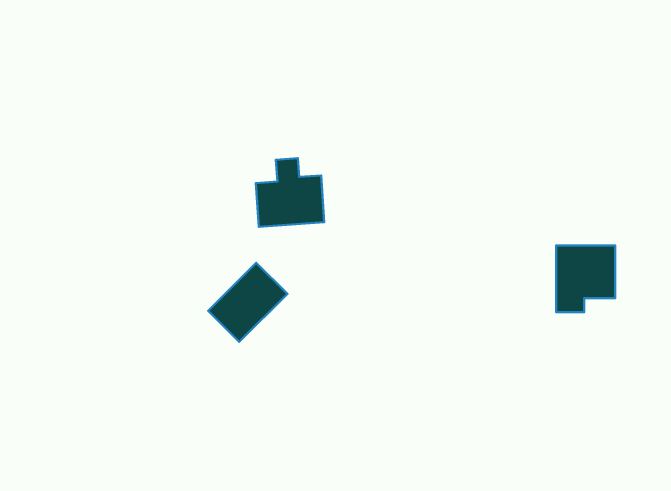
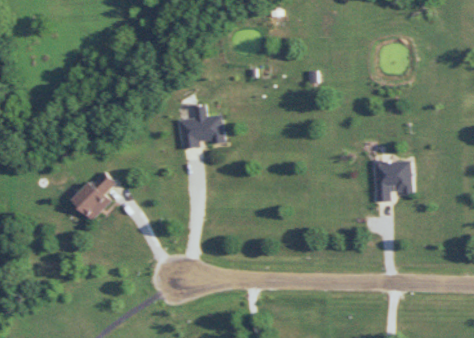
building: [208,263,287,342] -> [72,170,123,221]

